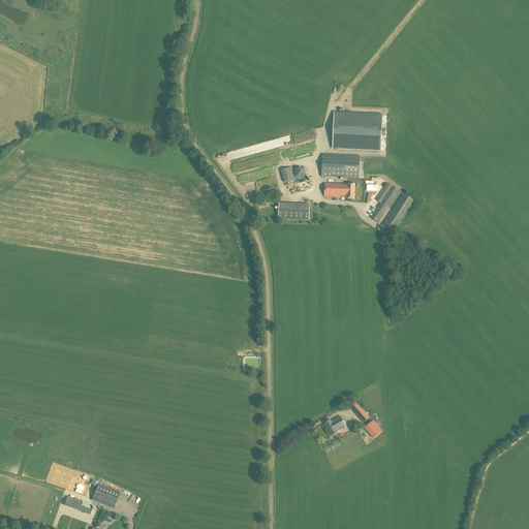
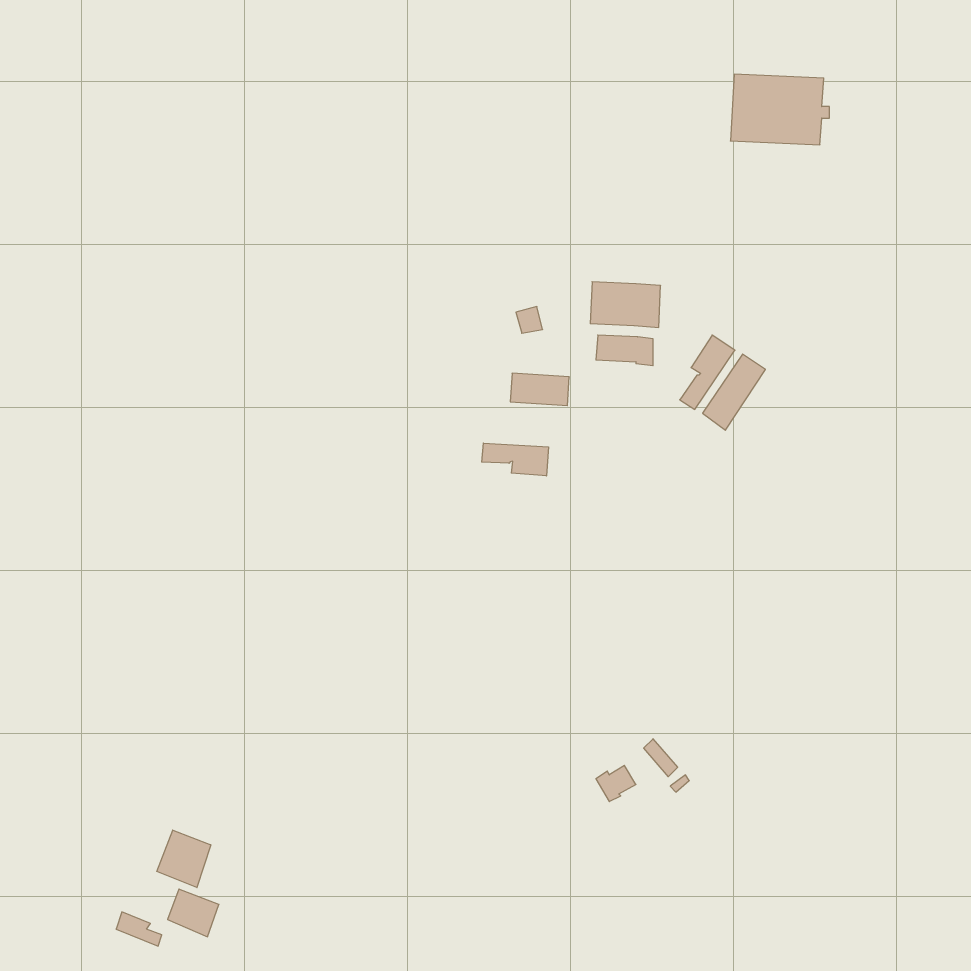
building: [331,111,384,149] -> [730,74,829,145]
building: none -> [482,443,548,476]
building: none -> [157,830,211,888]

